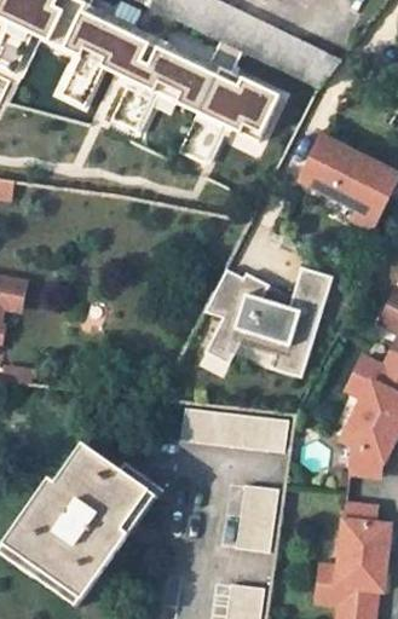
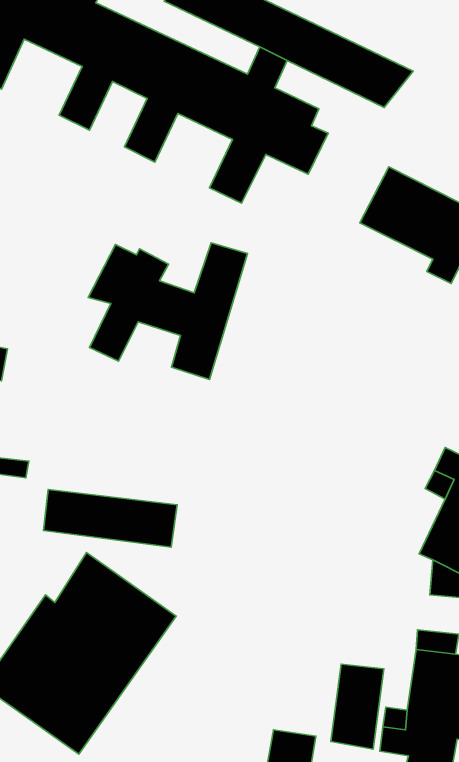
building: [204,268,331,377] -> [88,243,247,379]
building: [181,407,288,453] -> [44,490,177,547]
building: [236,485,278,553] -> [331,664,384,749]

